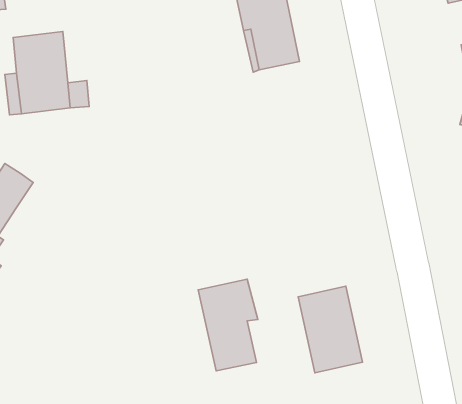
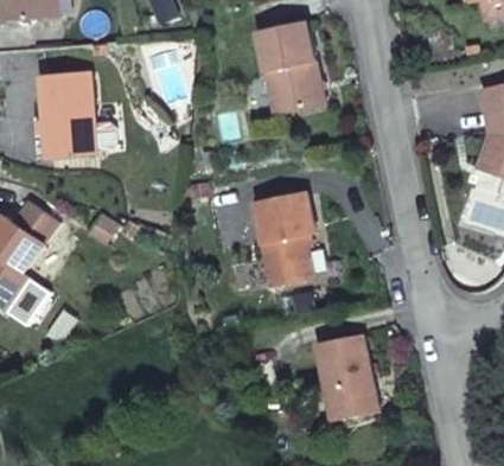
building: [198,279,258,371] -> [256,187,315,279]

